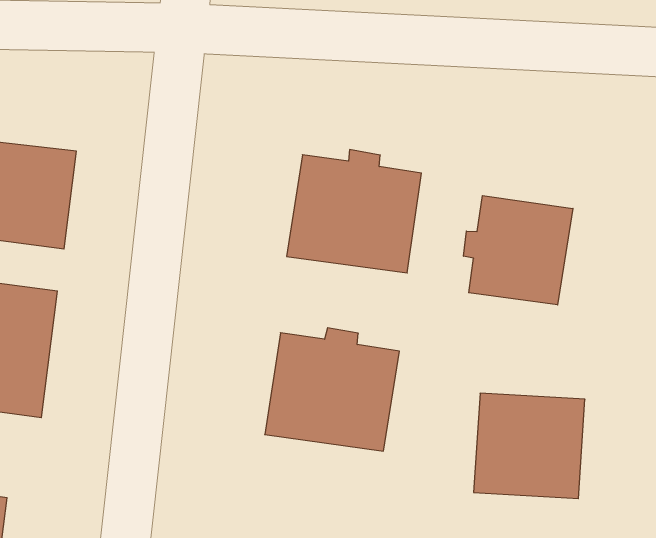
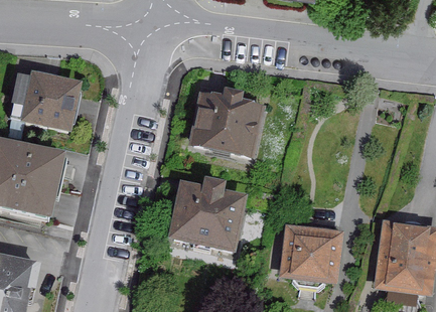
building: [464,196,573,305] -> none

